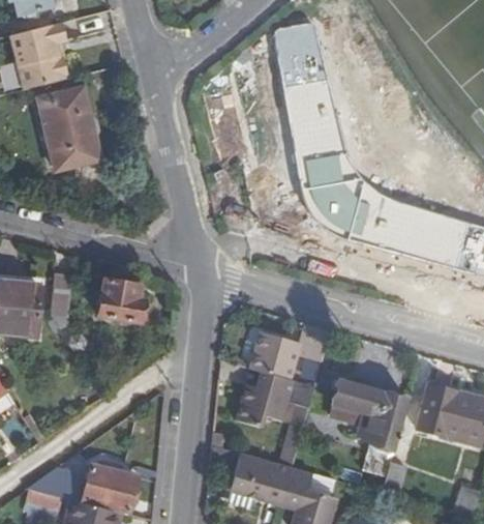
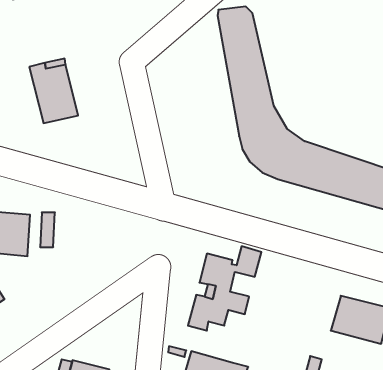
building: [11,21,67,88] -> none
building: [97,279,142,322] -> none
building: [328,379,406,449] -> none

